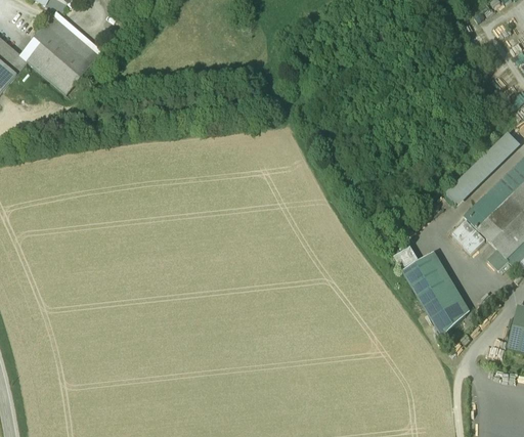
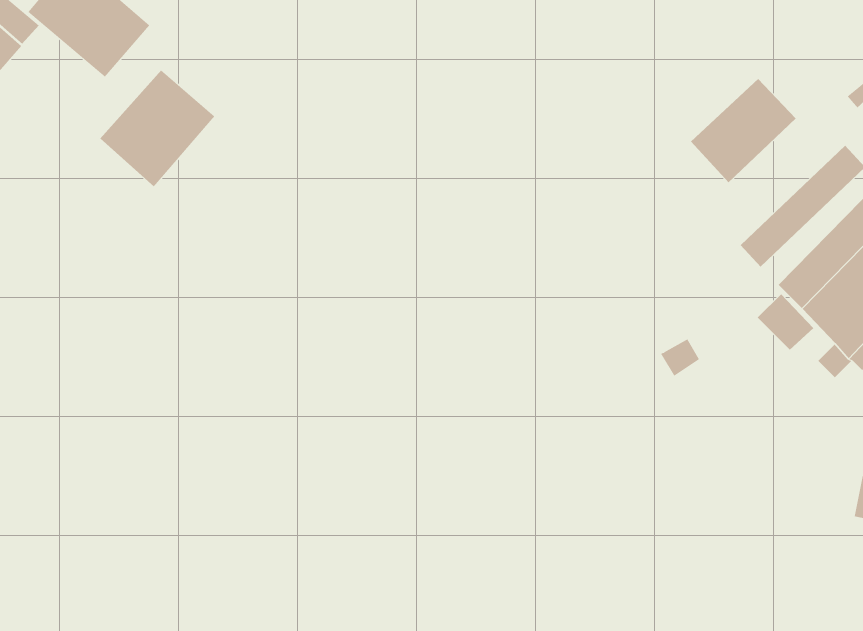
building: none -> [100,70,215,187]
building: none -> [690,78,796,183]
building: [404,253,467,335] -> none

